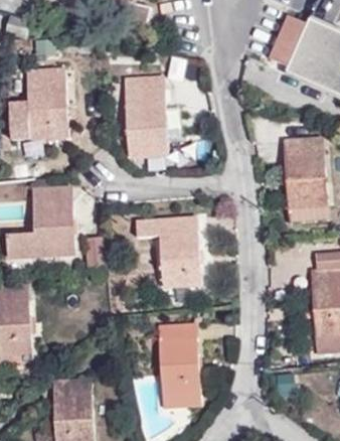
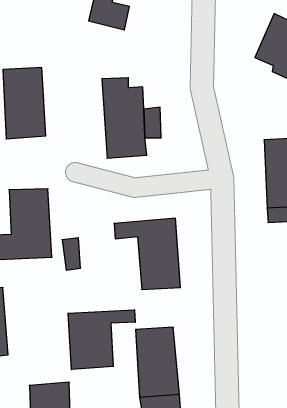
building: none -> [68,310,135,370]

